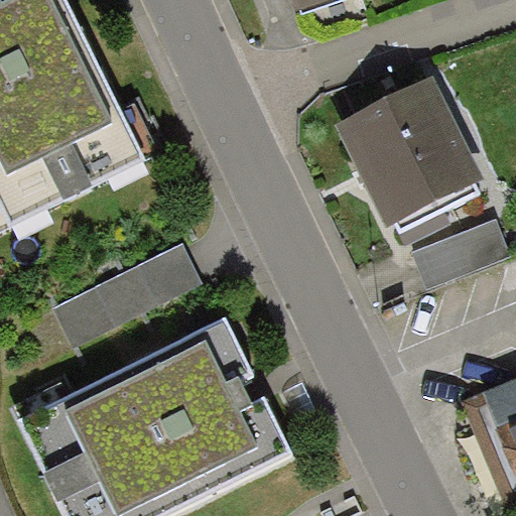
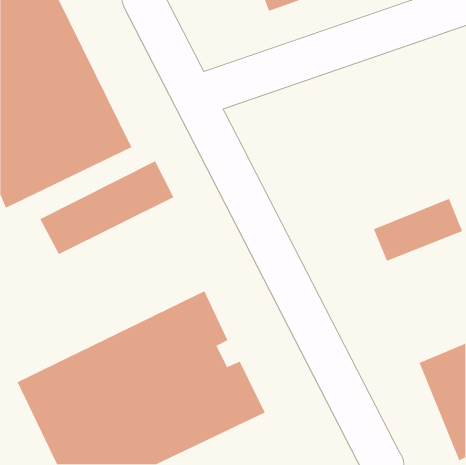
building: [337,77,485,228] -> none
building: [55,241,205,346] -> [39,160,175,255]

